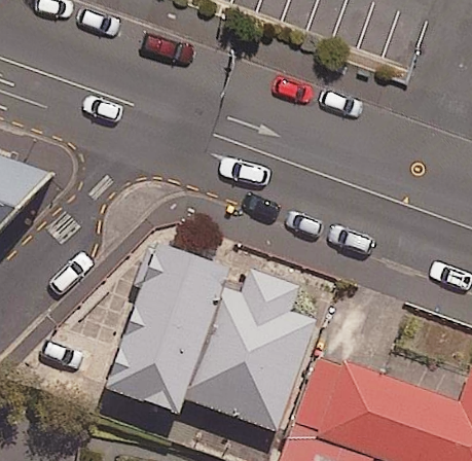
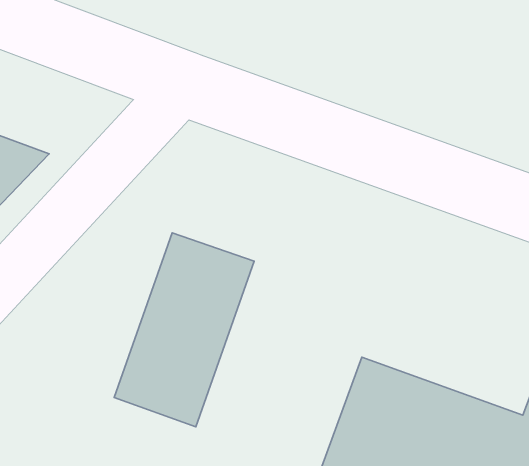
building: [188,267,315,431] -> none

